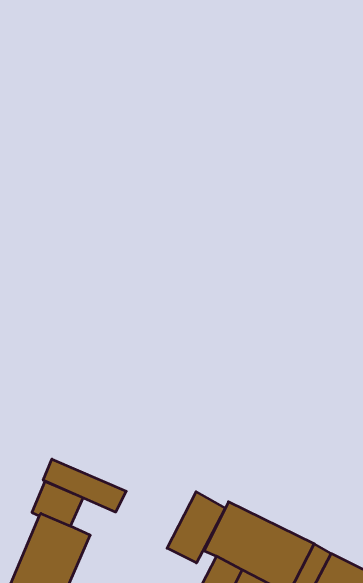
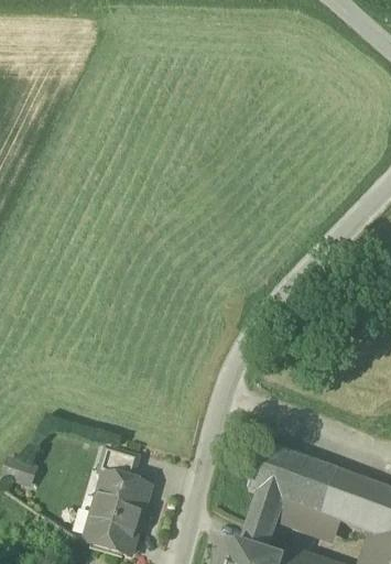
building: [43,459,126,512] -> none
building: [167,492,225,563] -> none

